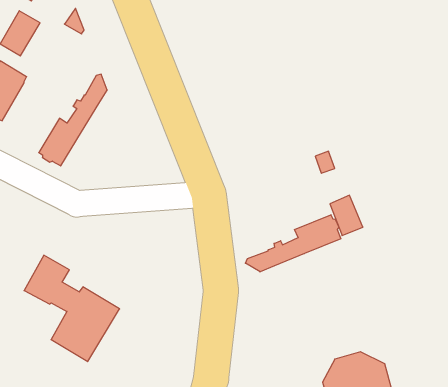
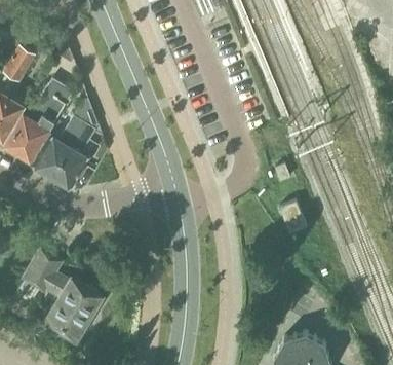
building: none -> [6,89,70,160]
building: none -> [52,114,96,189]
building: [245,215,341,272] -> none

